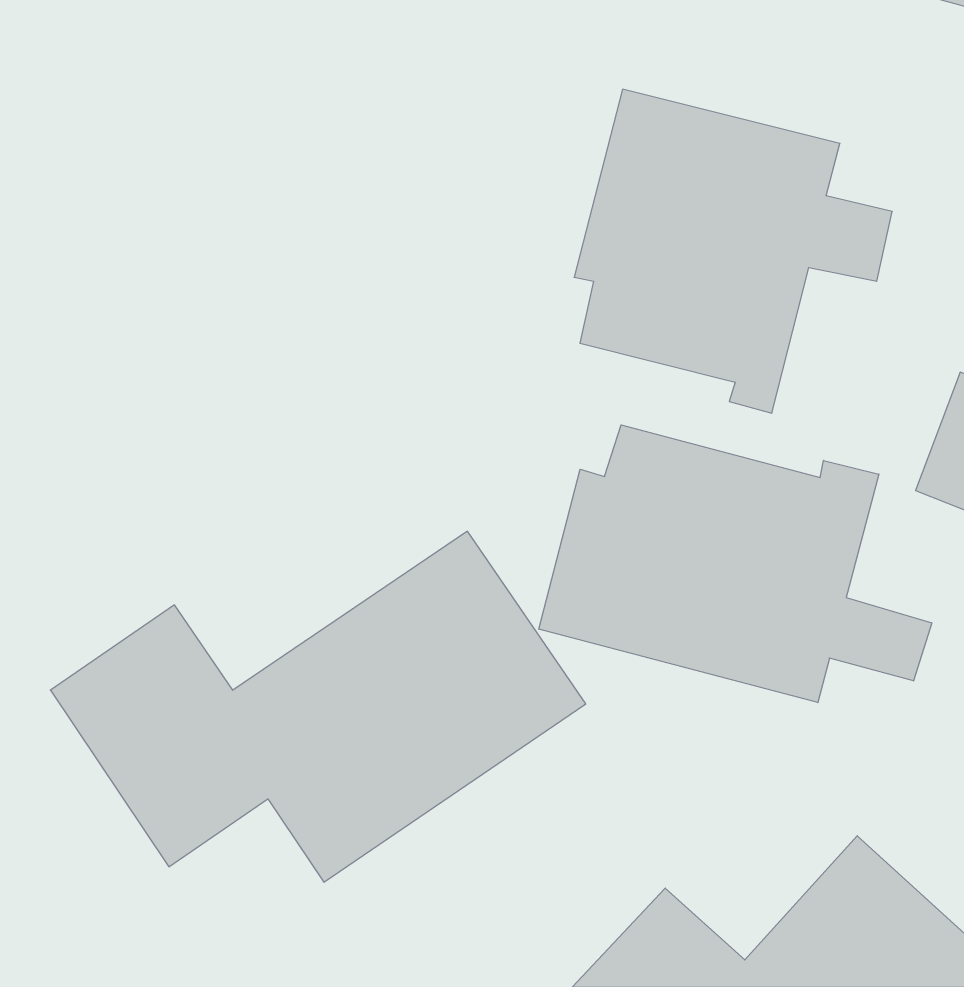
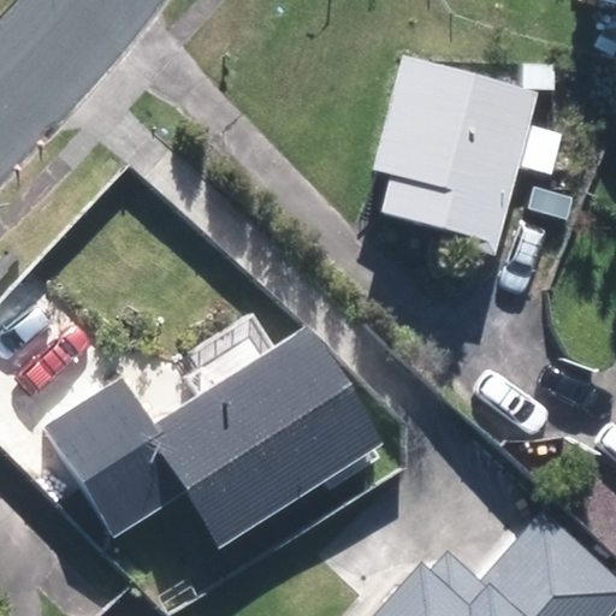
building: [539,425,932,703] -> none

